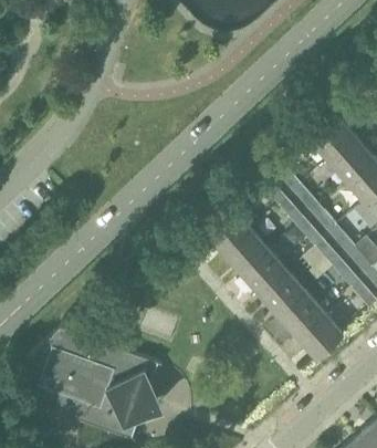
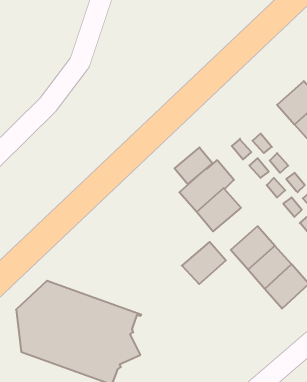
building: none -> [175,147,213,184]
building: [240,252,287,298] -> [182,242,226,284]

